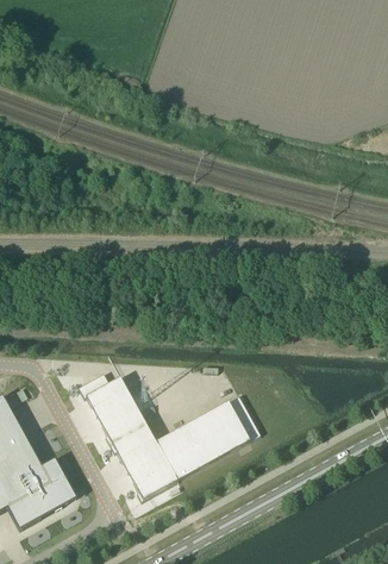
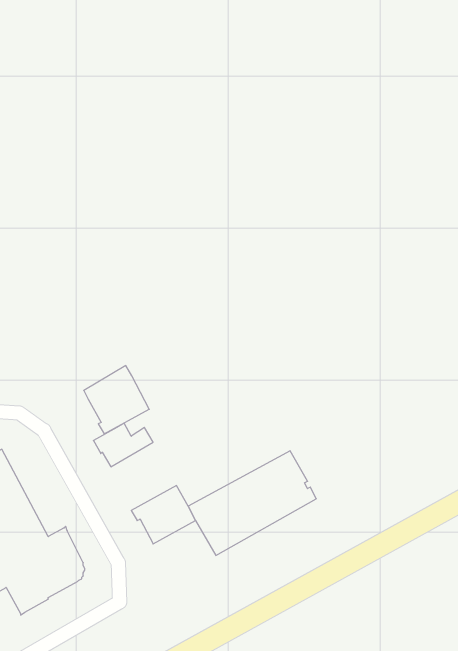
building: [93,387,146,443] -> [84,366,149,434]
building: [127,451,179,500] -> none

